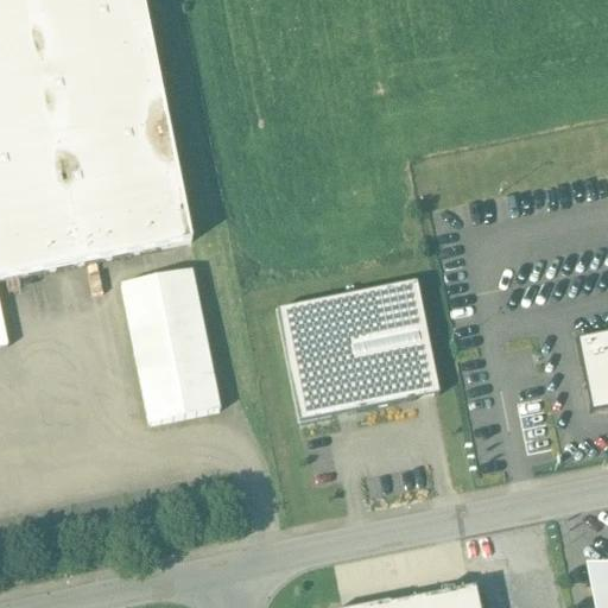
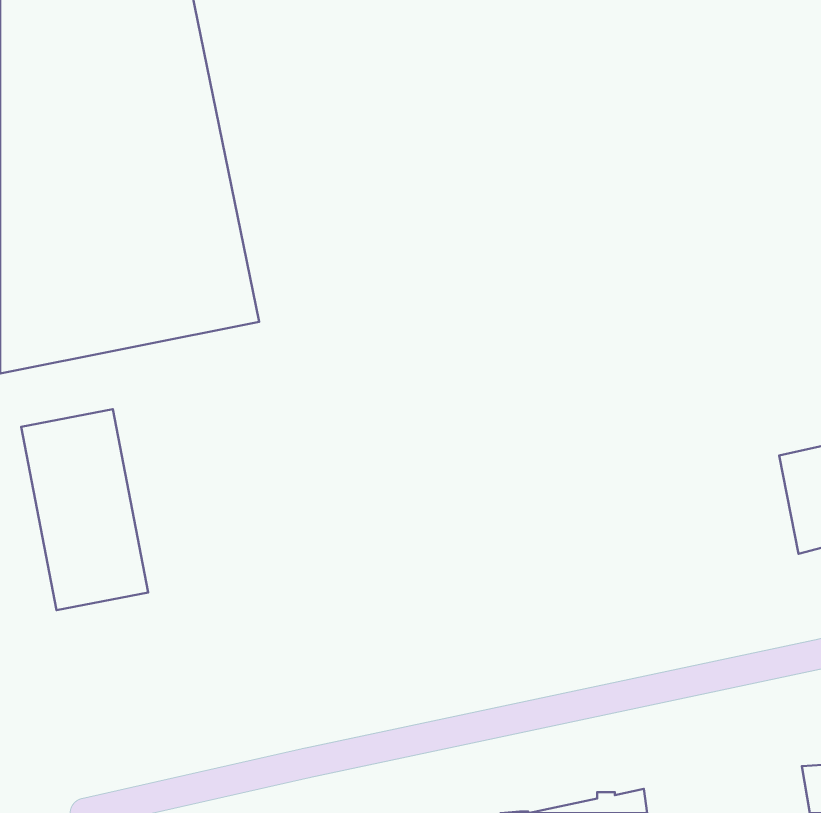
building: [122,271,216,419] -> [21,409,148,610]
building: [266,280,437,423] -> none

